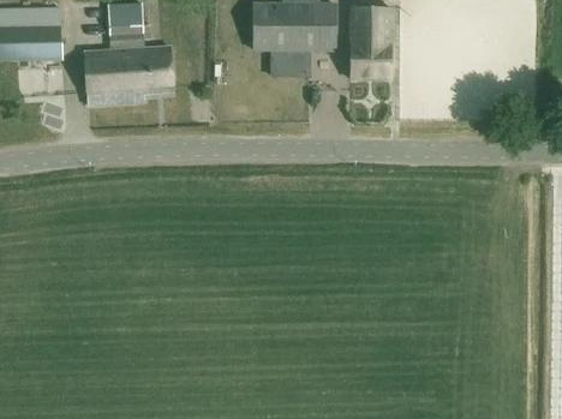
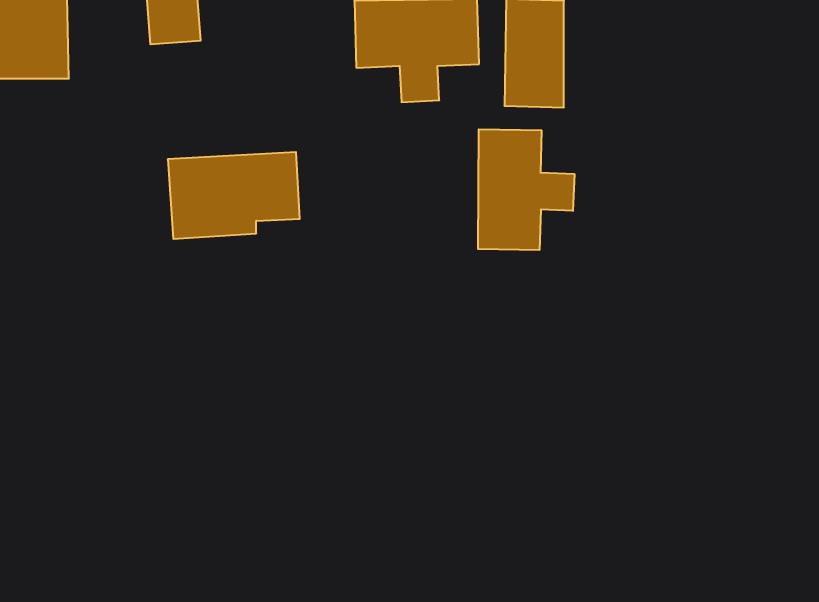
building: [83,47,171,104] -> [168,152,300,239]
building: none -> [478,129,574,250]

